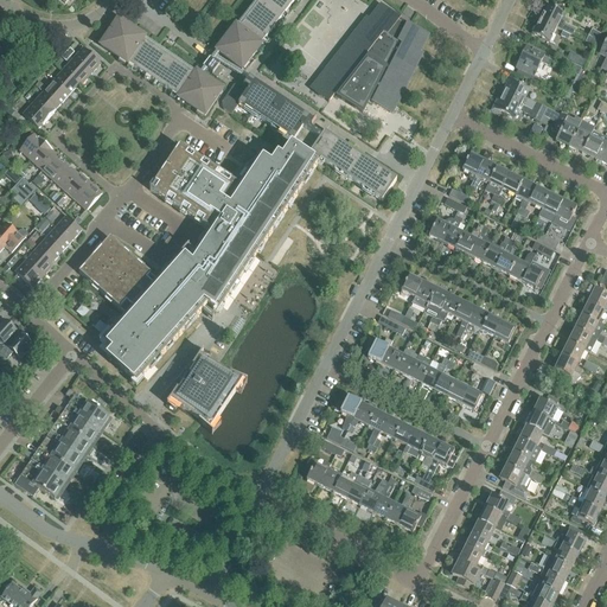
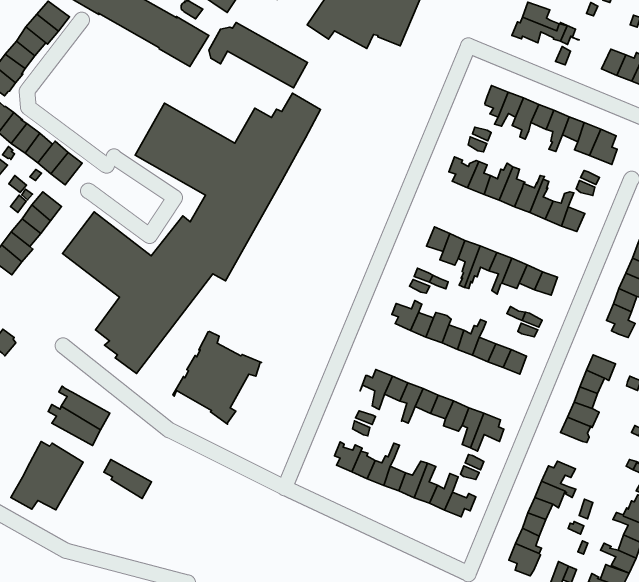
building: [551,110,581,143] -> none
building: [293,111,396,198] -> none
building: [50,418,91,455] -> [104,459,152,499]
building: [500,462,526,496] -> none

